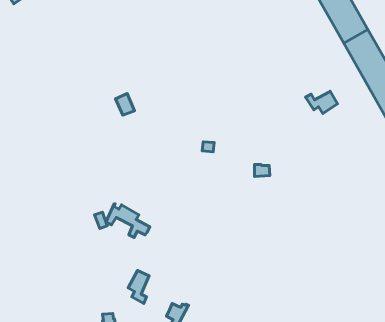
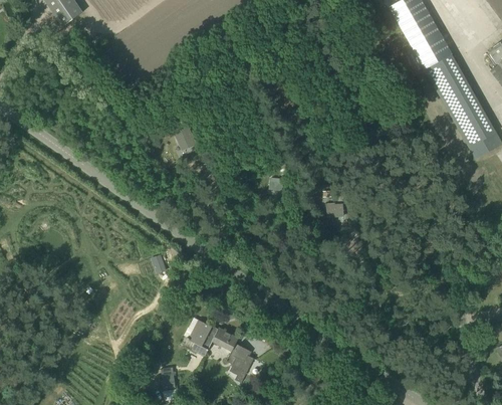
building: [306,91,338,114] -> none
building: [106,204,150,238] -> [203,326,251,363]

